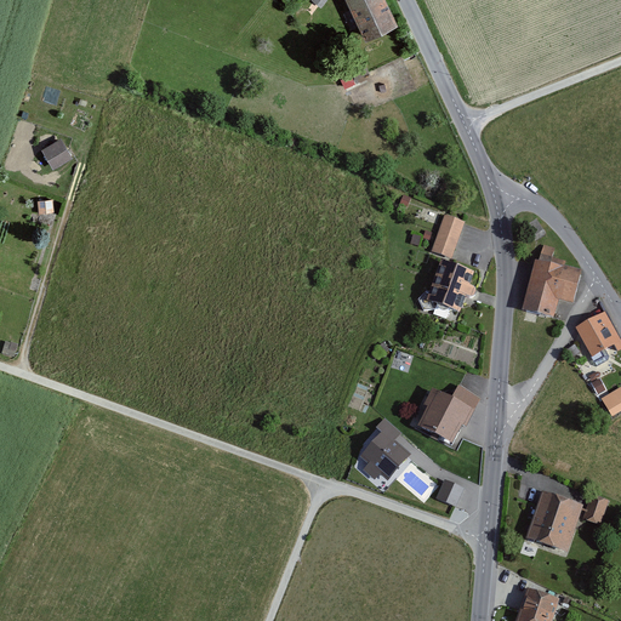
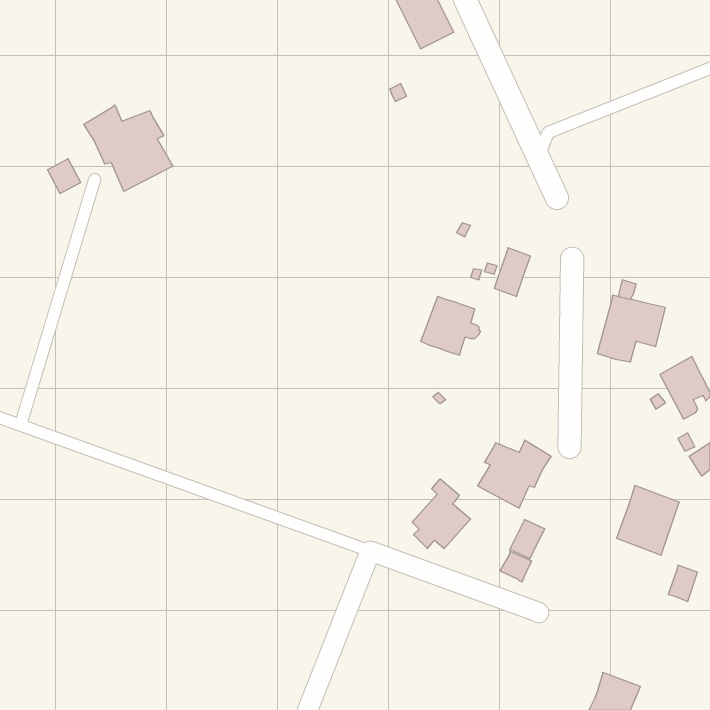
building: none -> [84,105,173,191]
building: [425,260,477,310] -> [421,297,481,355]
building: none -> [510,519,545,559]
building: [526,490,581,551] -> [617,485,679,555]

